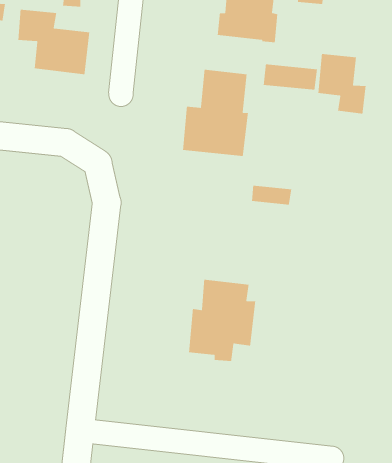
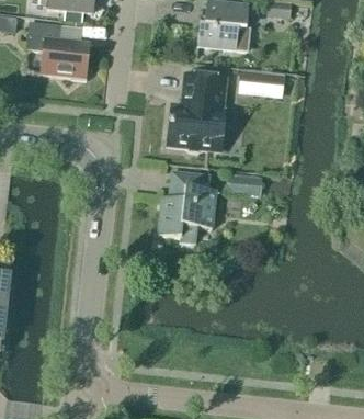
building: [317,53,366,115] -> none
building: [188,279,256,362] -> [158,170,216,241]

